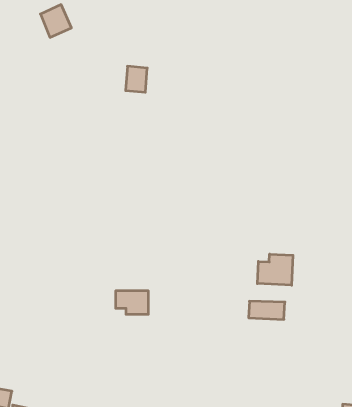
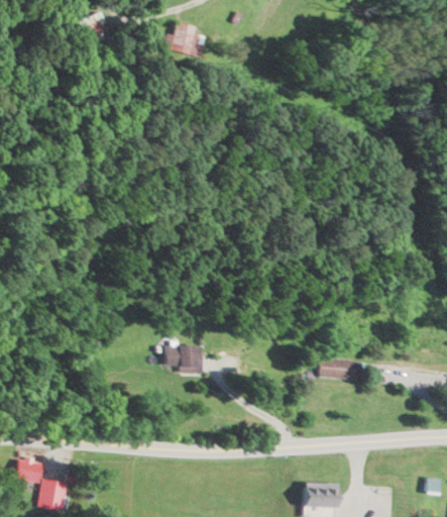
building: [126,66,147,92] -> [171,23,196,54]
building: [257,254,293,285] -> none

